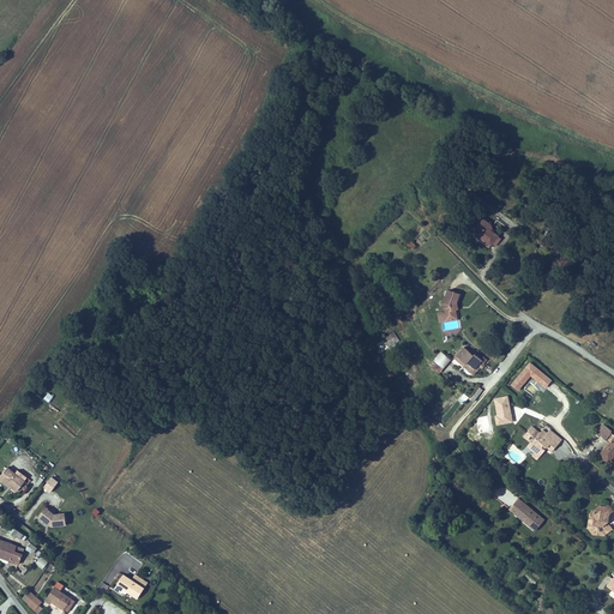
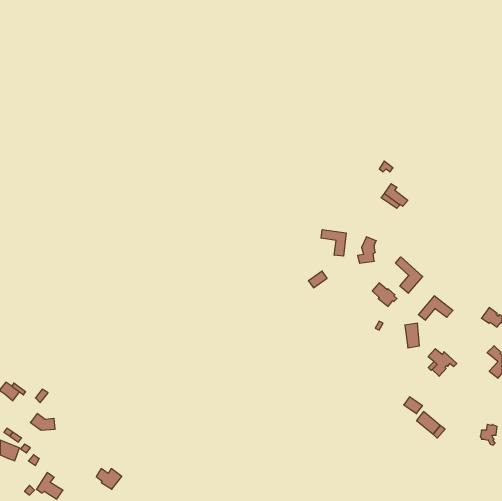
building: none -> [321,230,346,256]
building: none -> [396,257,423,293]

